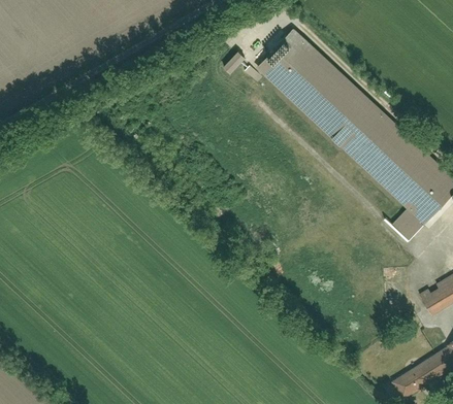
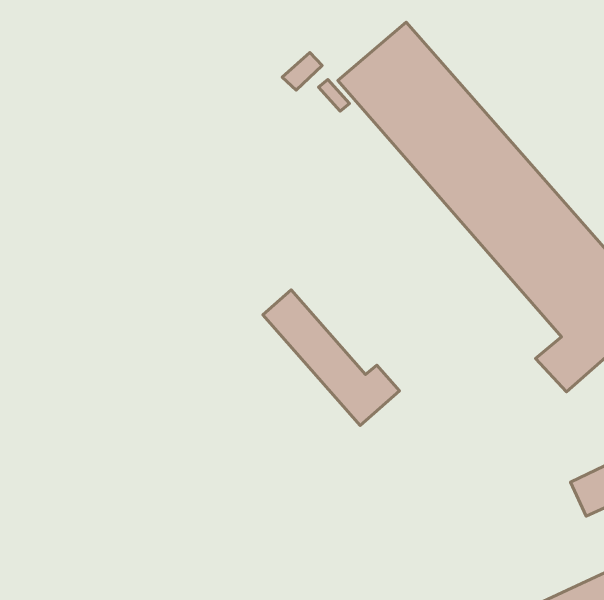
building: none -> [263,290,400,425]

